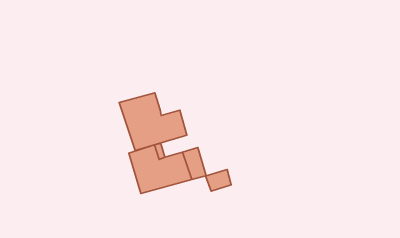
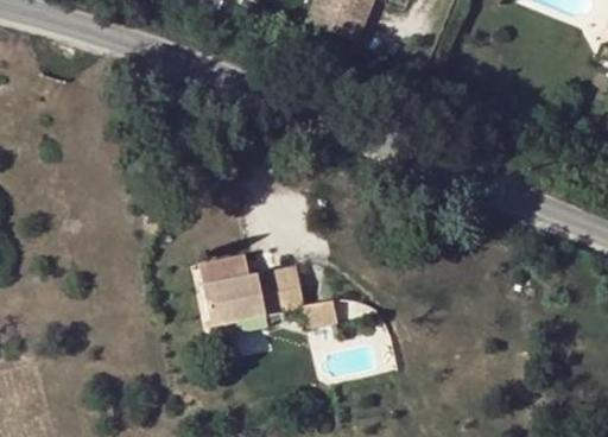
building: [119,93,187,151] -> none

